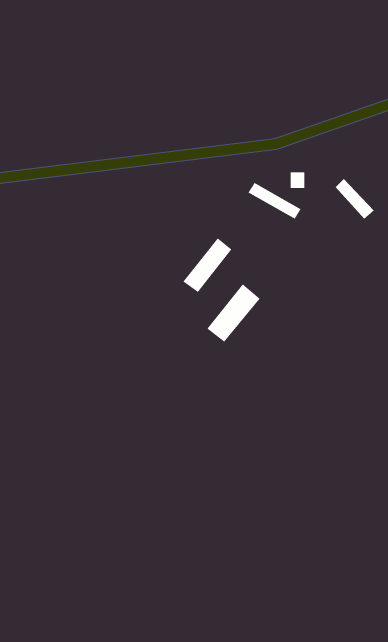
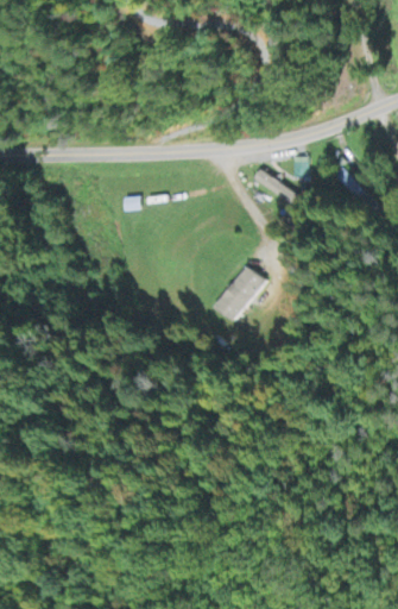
building: [183,237,232,293] -> none

